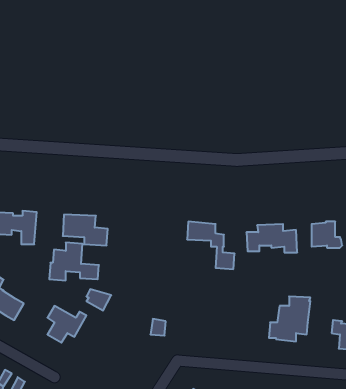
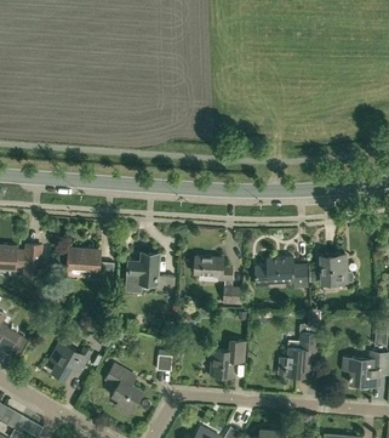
building: [49,243,99,280] -> [124,254,175,292]
building: none -> [211,341,246,377]
building: none -> [104,365,142,416]

